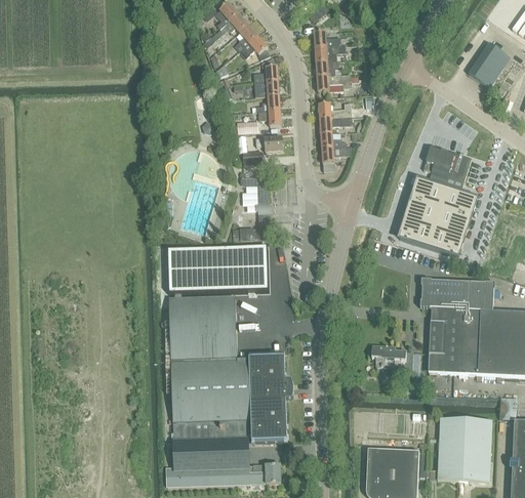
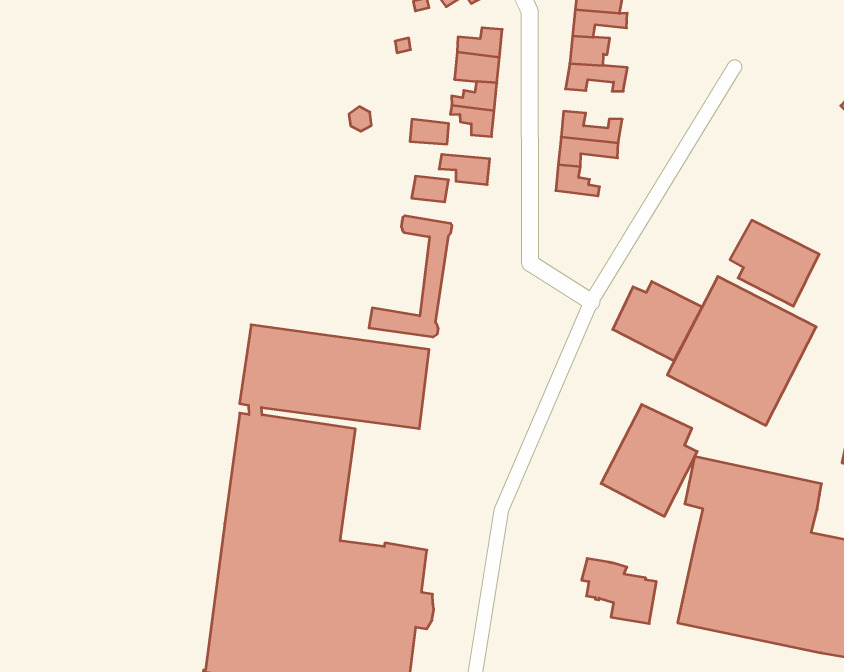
building: [321,144,352,169] -> none
building: none -> [613,281,702,361]
building: none -> [601,404,697,516]

